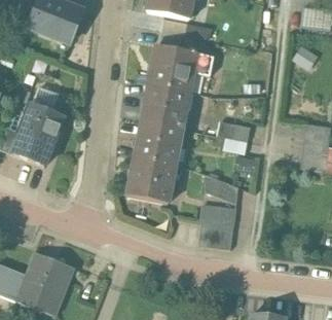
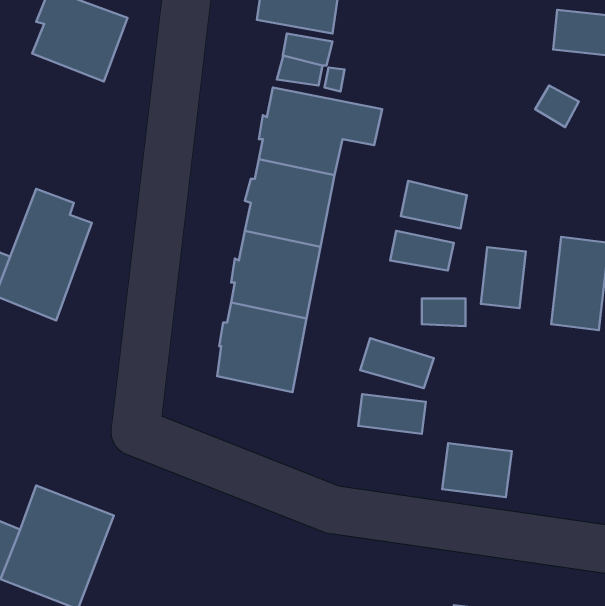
building: none -> [401,181,467,229]
building: none -> [481,247,526,308]
building: [198,220,234,248] -> [442,443,512,497]

